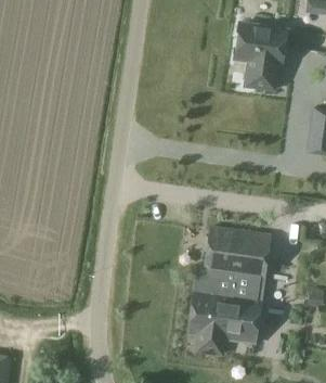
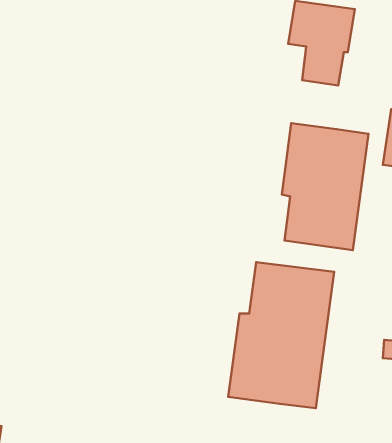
building: none -> [282,123,368,250]

